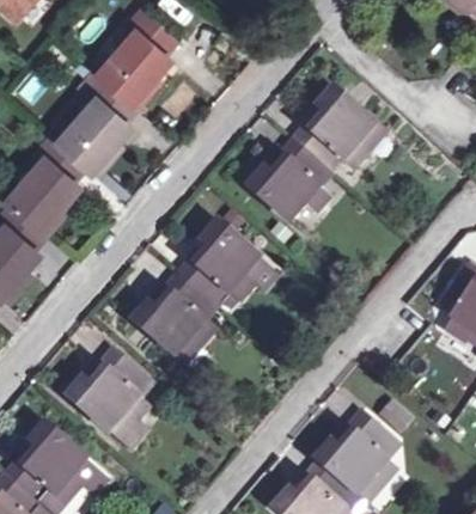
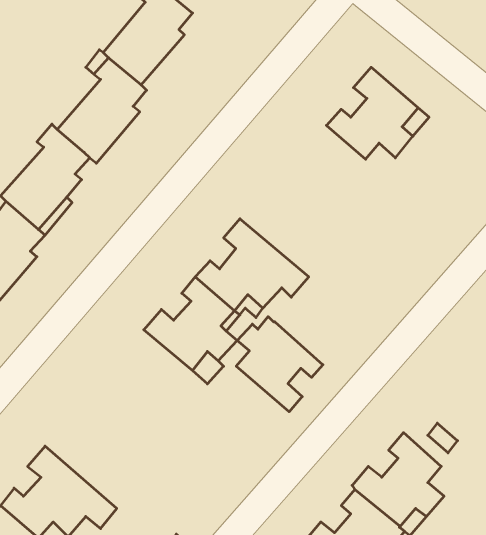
building: [249,137,330,221] -> none
building: none -> [236,317,323,412]
building: [68,348,149,448] -> none

